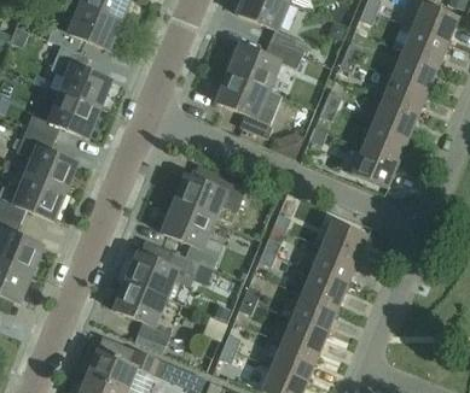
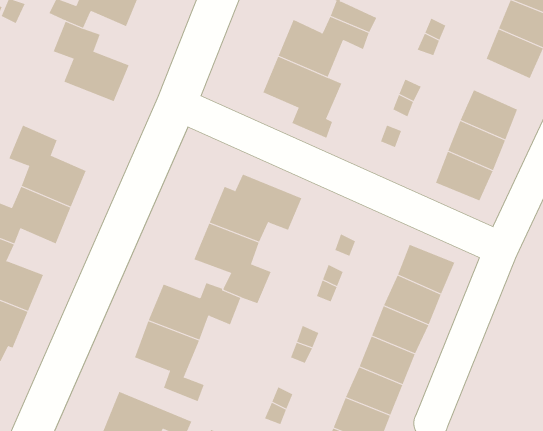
building: [383,75,428,115] -> none
building: [27,93,99,139] -> none

